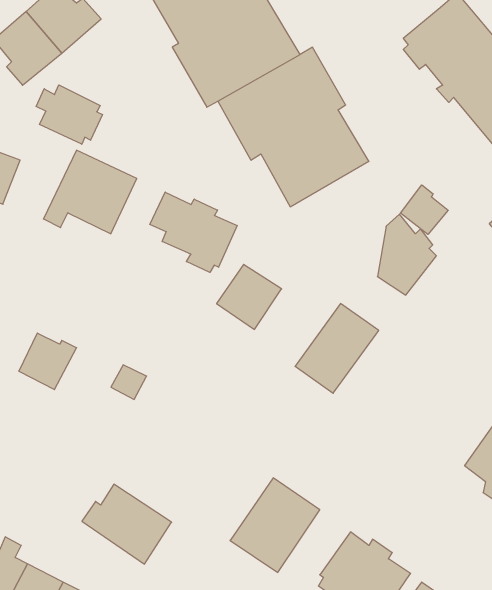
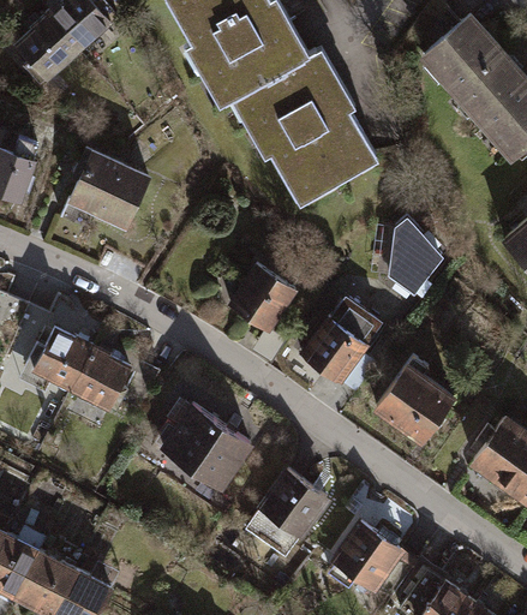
building: [36,85,103,144] -> none
building: [400,185,448,234] -> none
building: [150,192,237,272] -> none
building: none -> [71,345,125,404]
building: none -> [373,362,455,449]
building: [82,484,172,564] -> [158,406,246,484]

